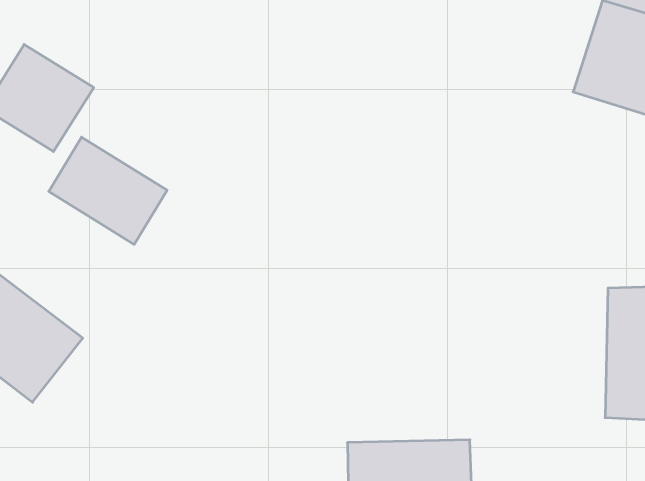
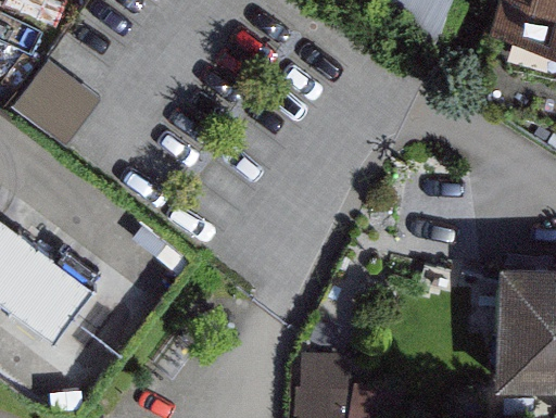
building: [49,137,167,244] -> none

